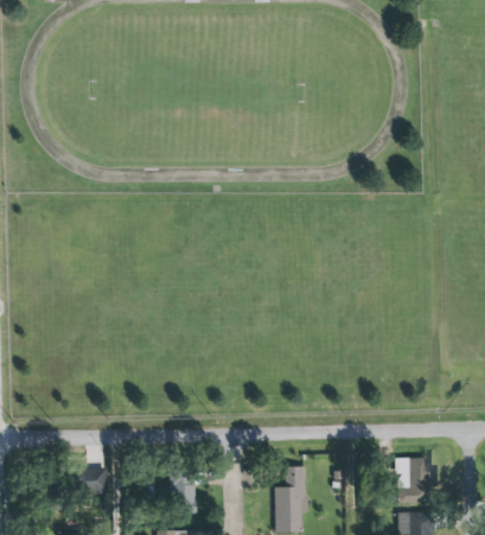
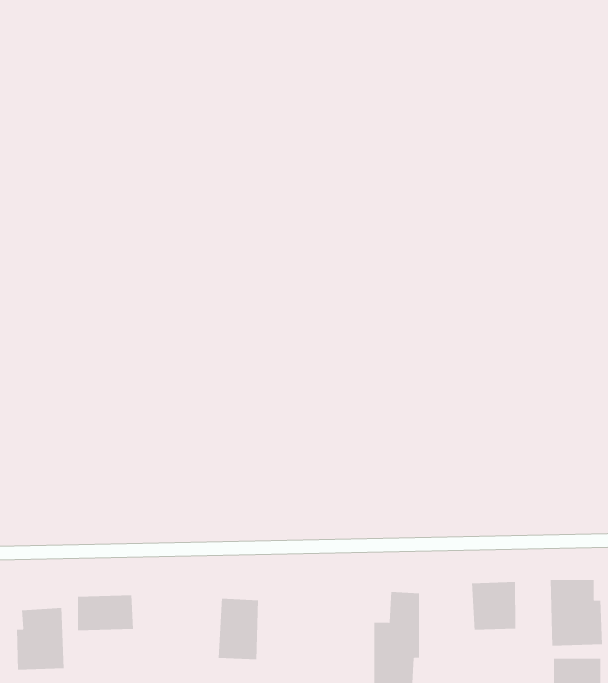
building: none -> [472,581,516,631]
building: none -> [17,607,64,670]

